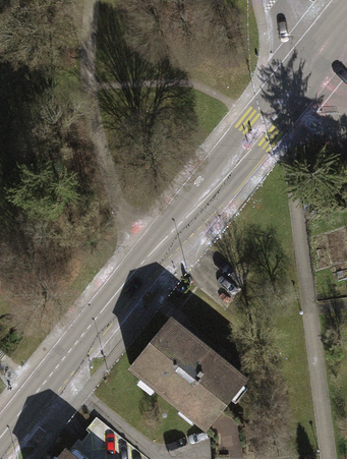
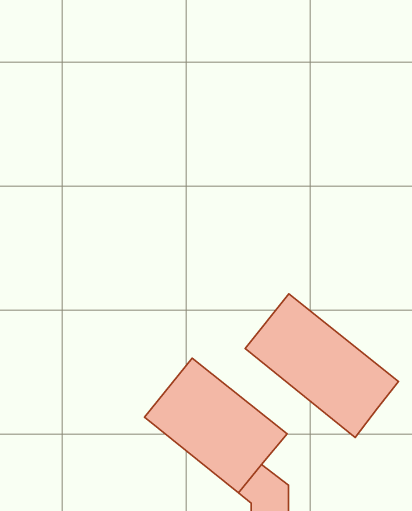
building: none -> [245,294,398,437]

